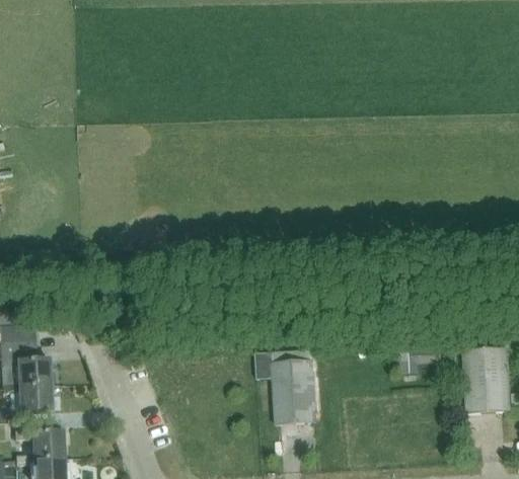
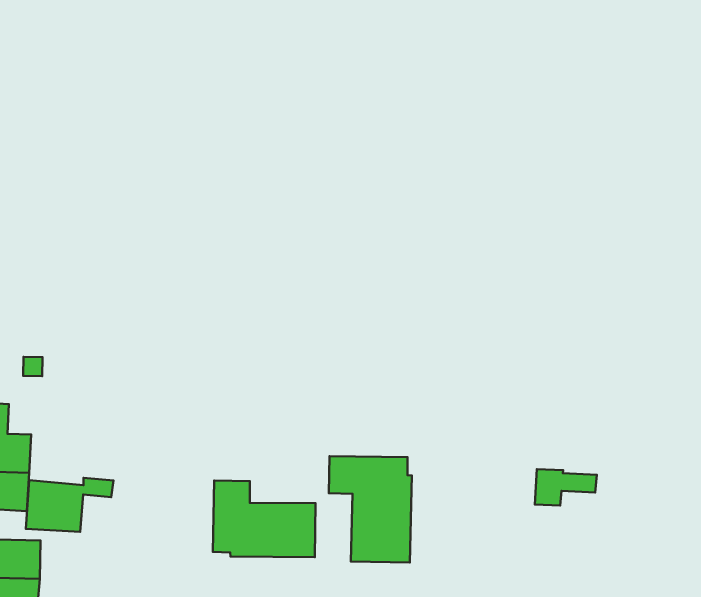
building: [463,348,510,413] -> none
building: none -> [213,481,316,557]
building: none -> [26,478,113,532]

